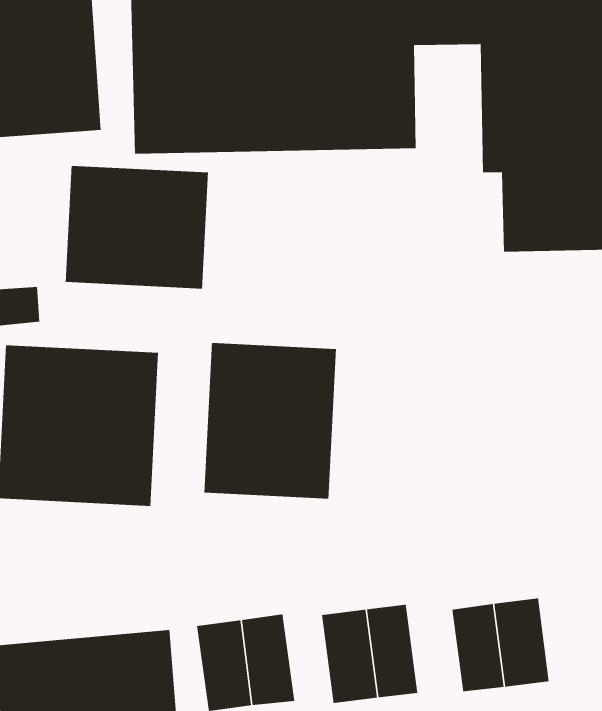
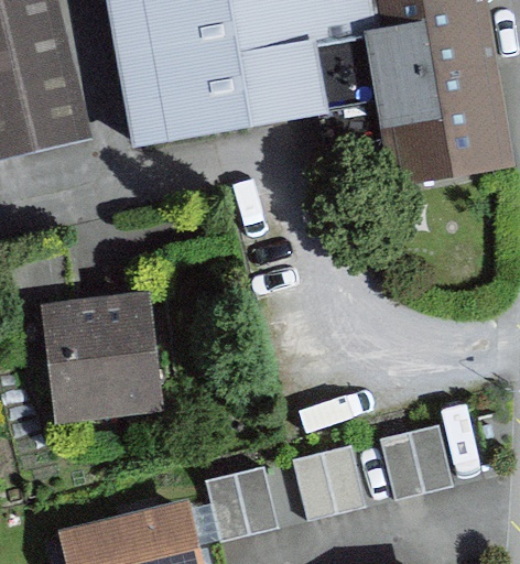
building: [65,165,208,290] -> none
building: [204,342,337,500] -> none

